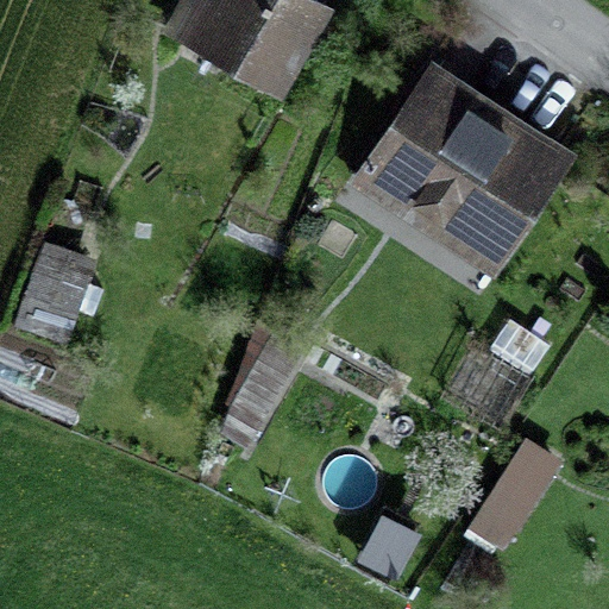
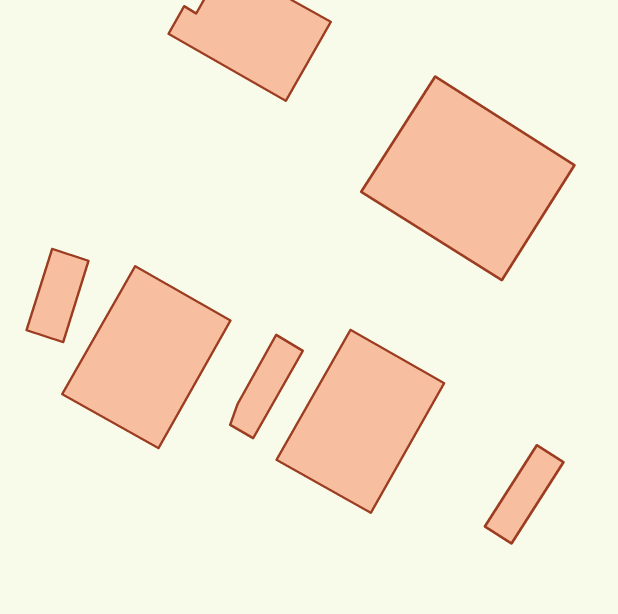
building: none -> [62,266,230,448]
building: none -> [276,330,444,513]

